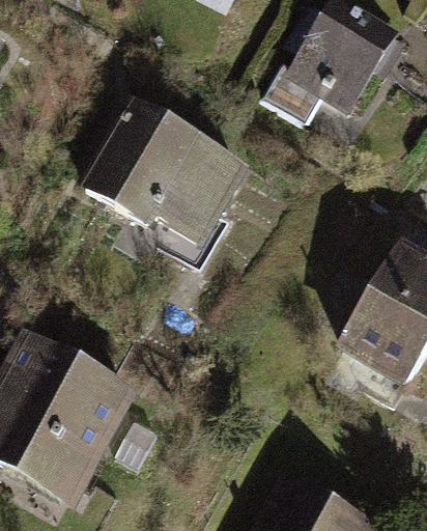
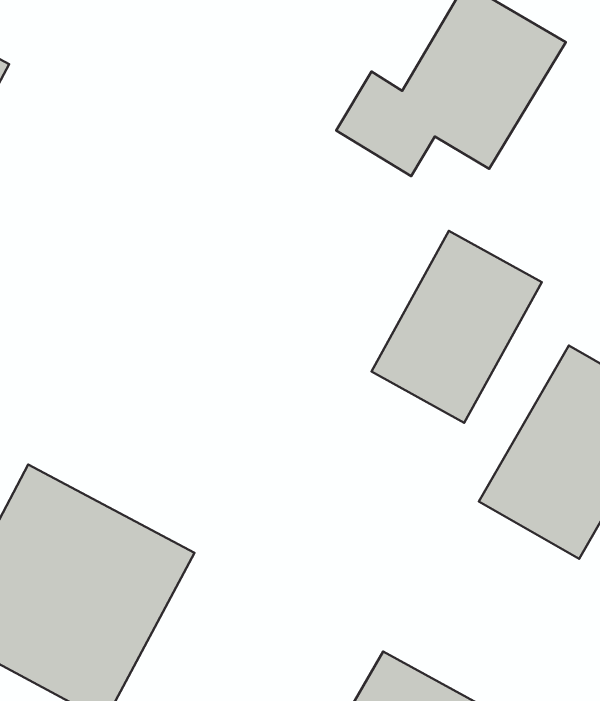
building: [80,93,250,247] -> none
building: none -> [371,231,542,423]

